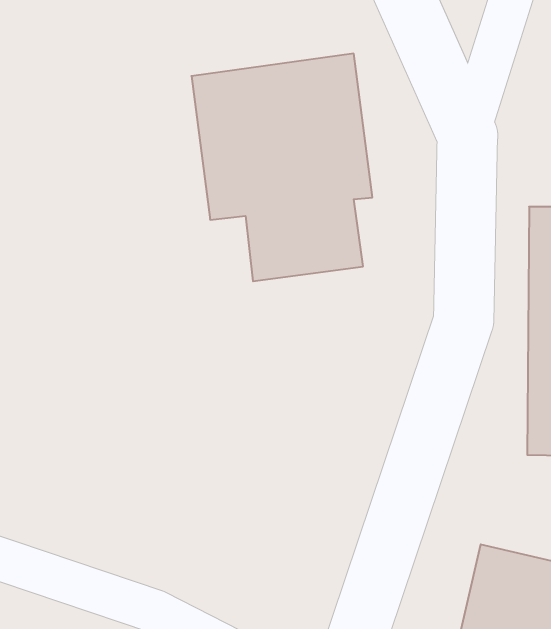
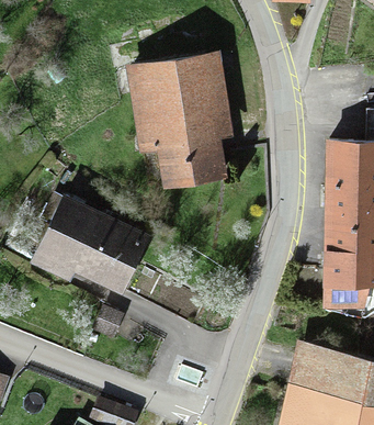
building: none -> [35,194,150,298]

